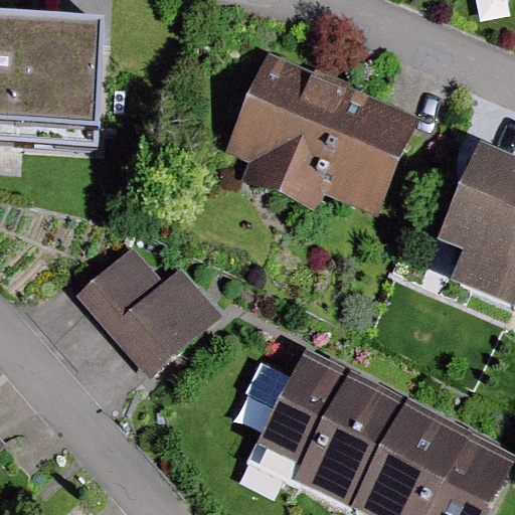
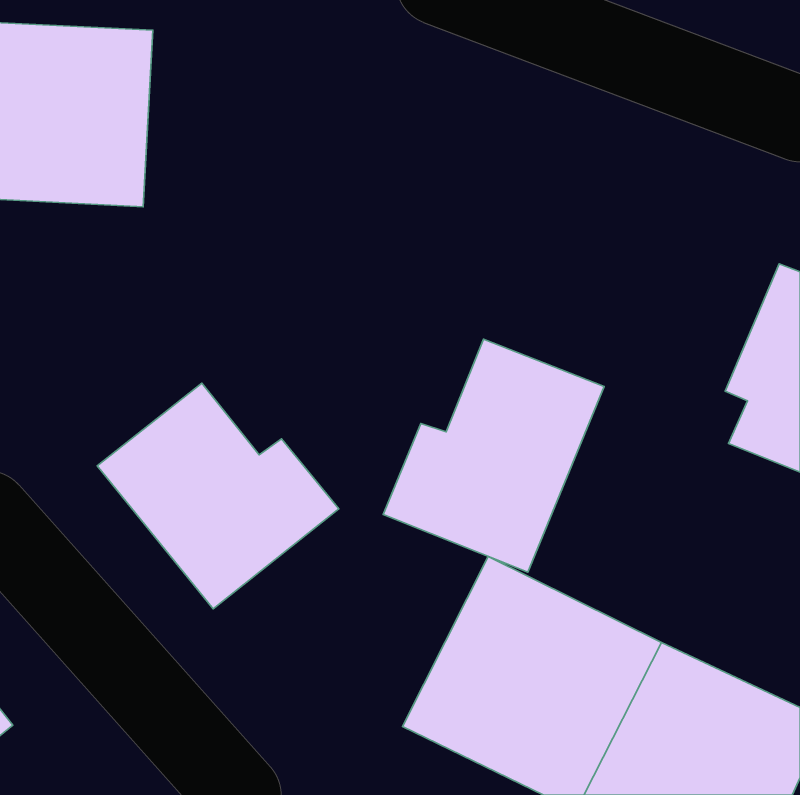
building: [226,54,417,216] -> none
building: none -> [383,339,604,572]

